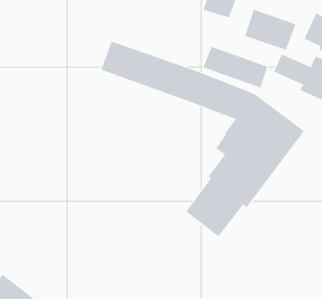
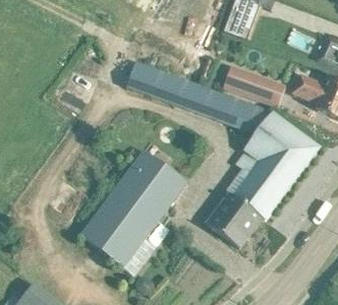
building: [244,9,296,51] -> none
building: none -> [79,151,187,267]

